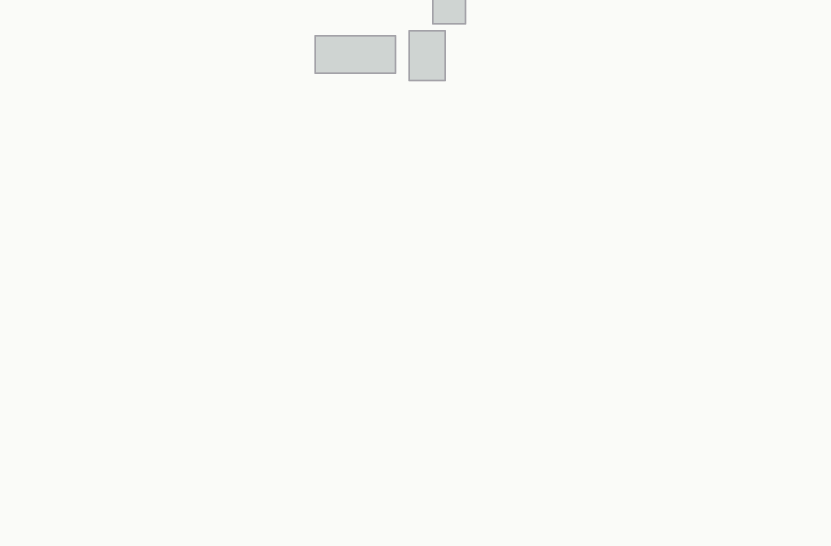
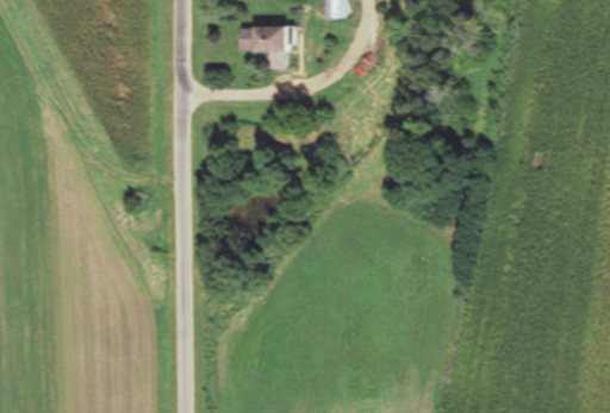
building: [409,31,445,81] -> none

